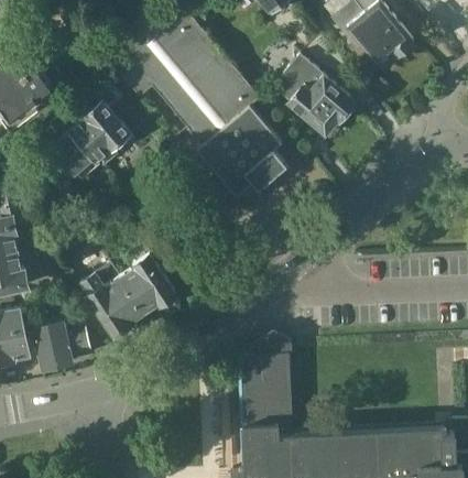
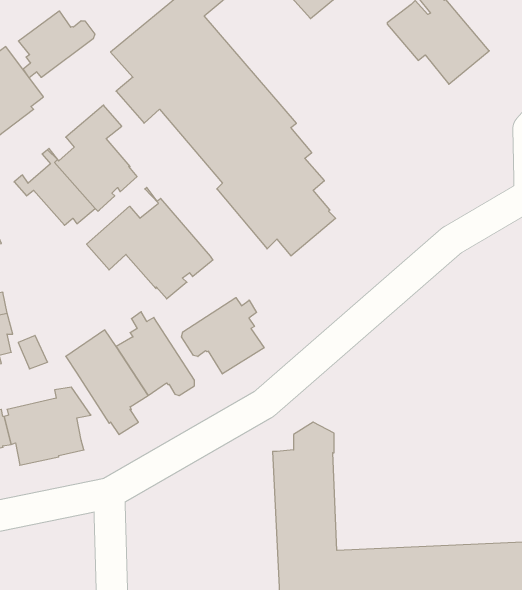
building: none -> [18,11,95,78]
building: [273,57,353,137] -> none
building: none -> [87,187,213,299]
building: none -> [182,298,264,374]

